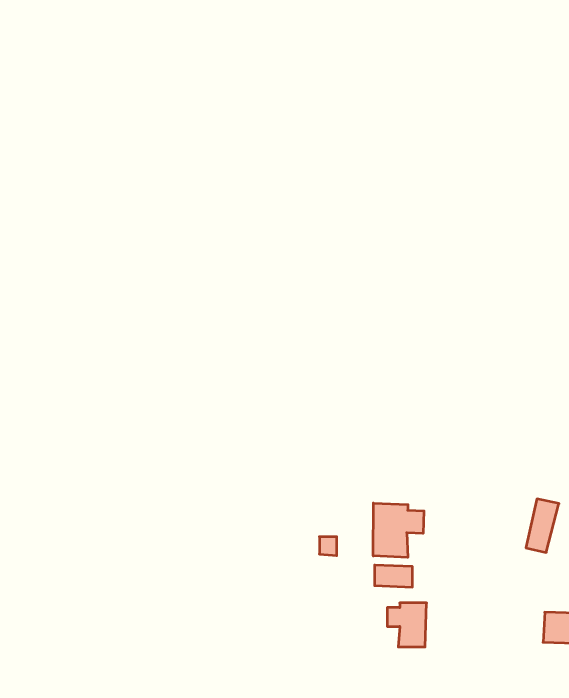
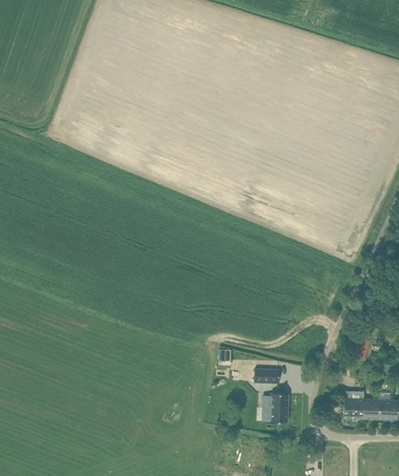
building: [373,503,424,557] -> none
building: none -> [343,391,364,418]

